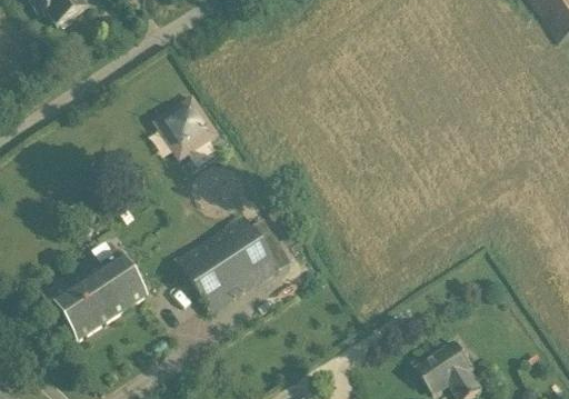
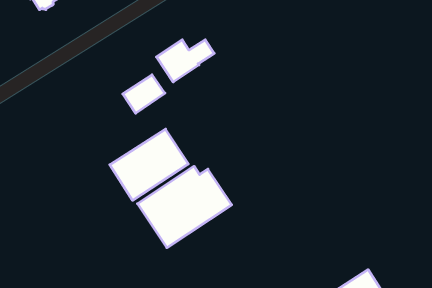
building: none -> [156,40,214,82]
building: [51,253,147,340] -> [110,129,188,200]

